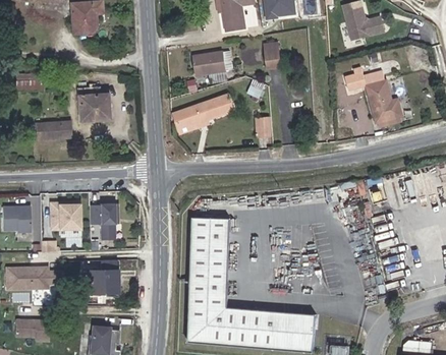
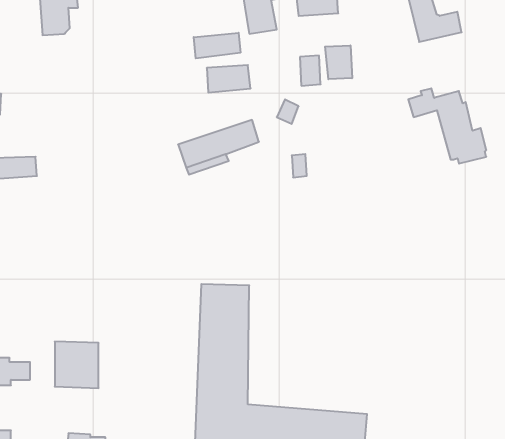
building: none -> [194,33,240,58]
building: none -> [325,45,352,79]
building: [77,85,108,121] -> none
building: [55,206,85,234] -> none
building: [90,210,115,246] -> none

